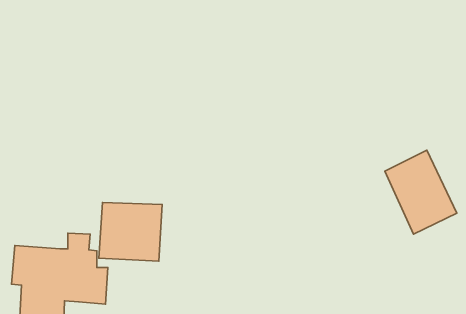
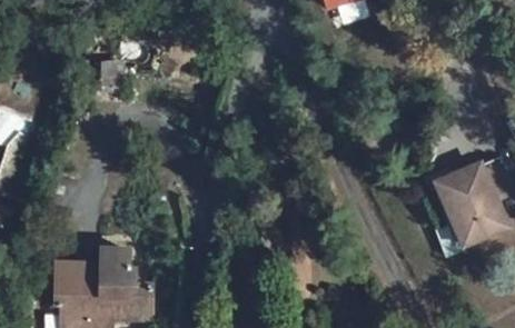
building: [99,203,162,261] -> none

